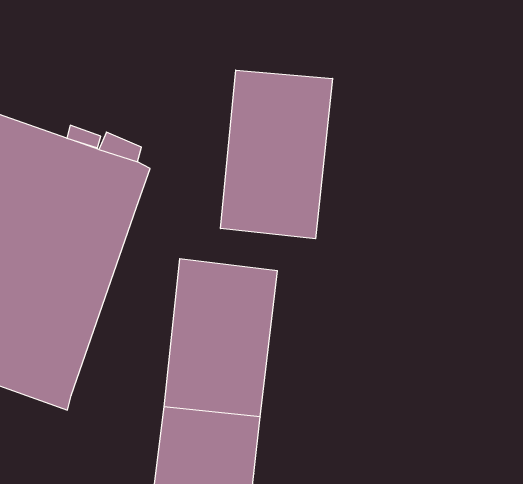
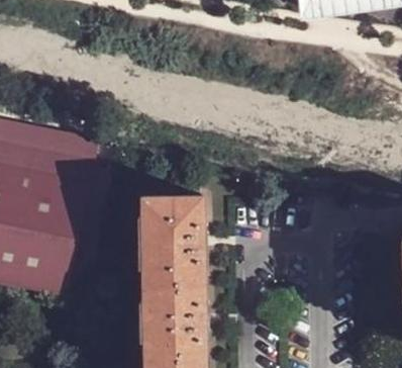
building: [221,70,333,239] -> none

